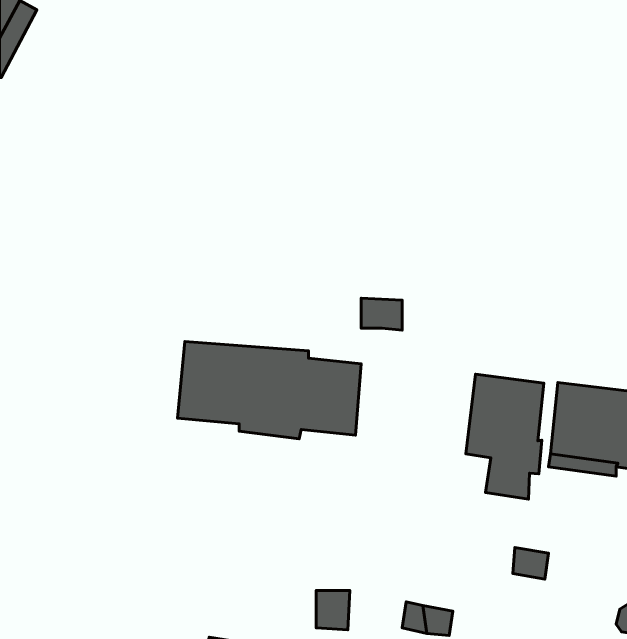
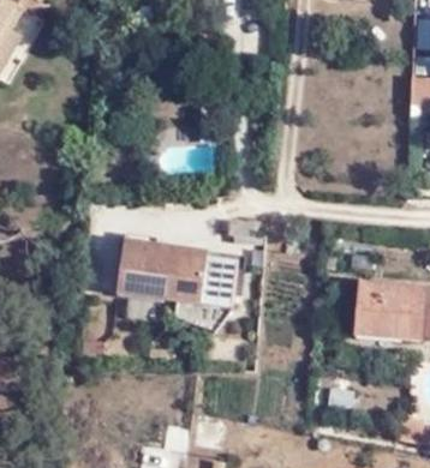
building: [466,374,544,499] -> none

